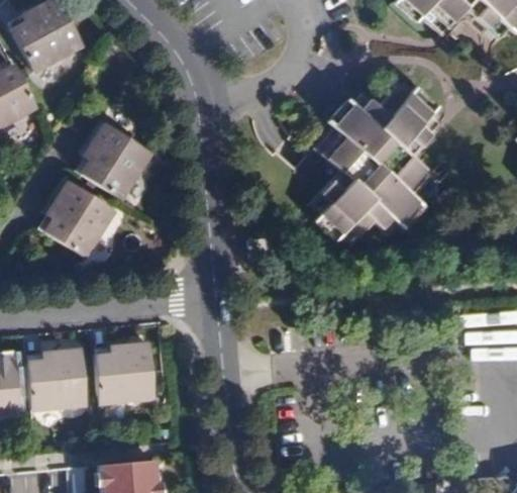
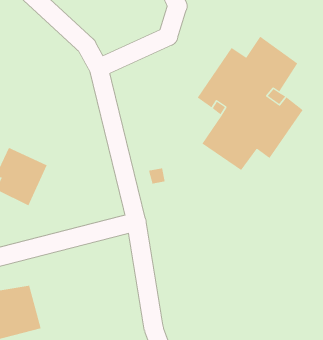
building: [89,123,159,200] -> none
building: [93,347,152,406] -> none

